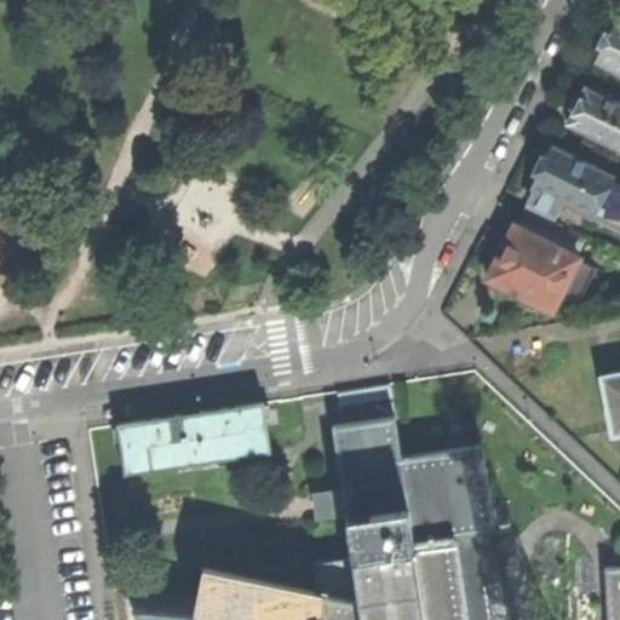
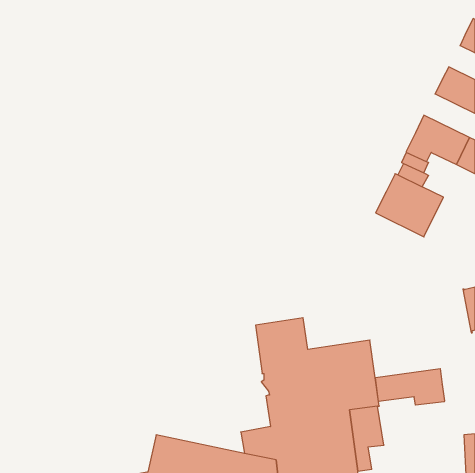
building: [116,403,271,476] -> none
building: none -> [375,369,445,405]

